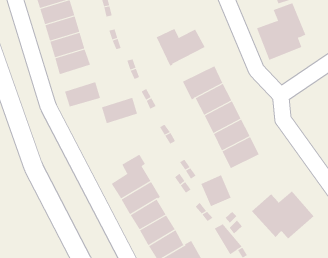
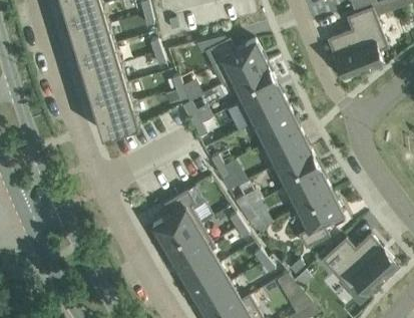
building: none -> [227,62,277,103]
building: [101,97,138,124] -> [89,83,133,115]
building: none -> [296,192,342,247]

